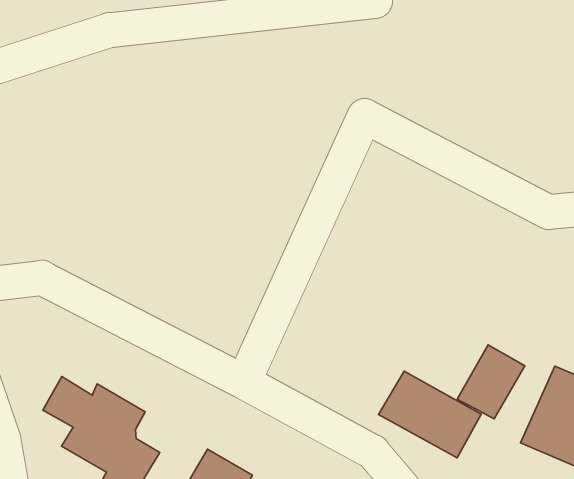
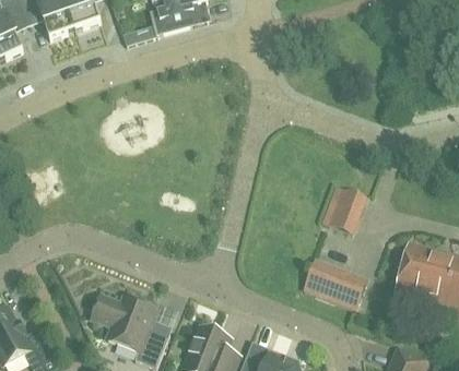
building: [457,345,525,419] -> [327,187,366,232]

